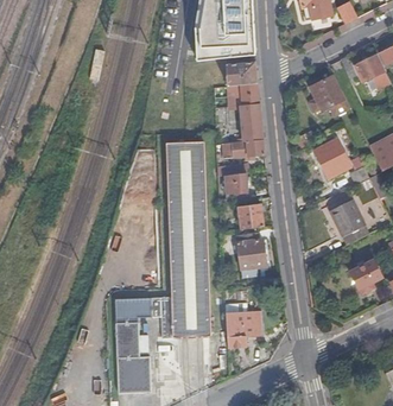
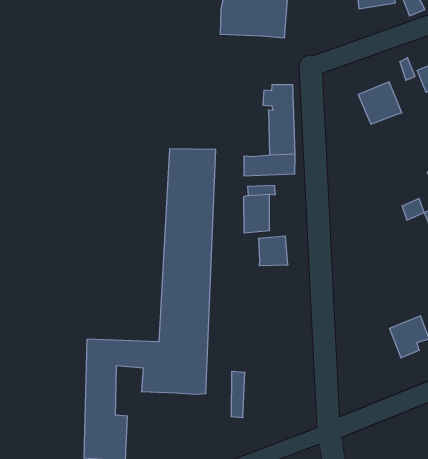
building: [227,62,258,87] -> none
building: [313,139,350,178] -> none
building: [329,199,369,245] -> none
building: [239,240,266,278] -> none
building: [237,313,264,350] -> none

